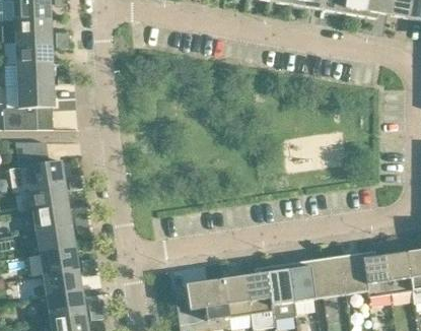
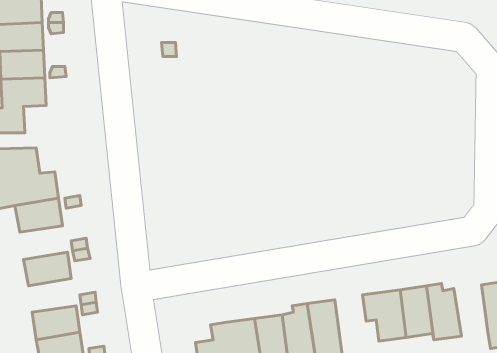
building: [33,204,72,231] -> none
building: [41,247,79,274] -> none
building: [384,252,412,293] -> none
building: [288,260,324,303] -> none

